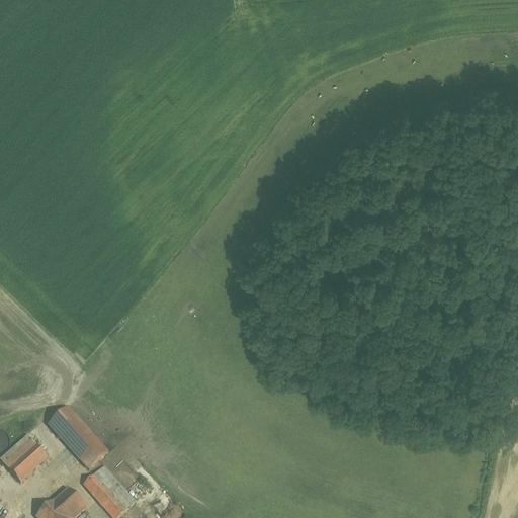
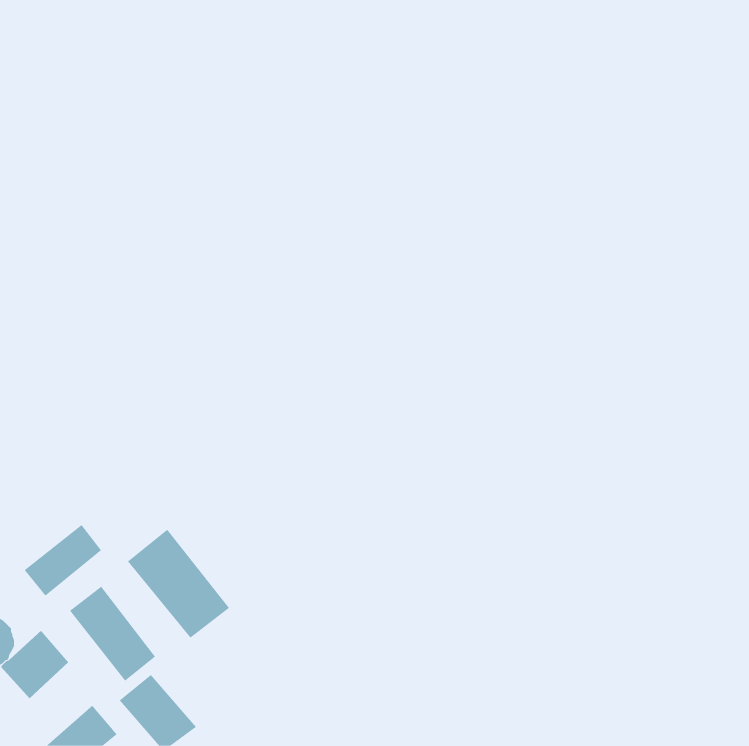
building: none -> [24,524,102,596]
building: none -> [127,529,230,639]

